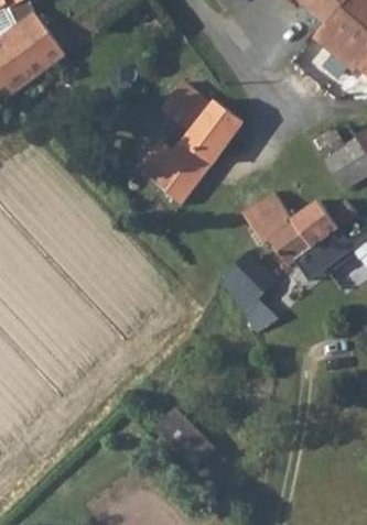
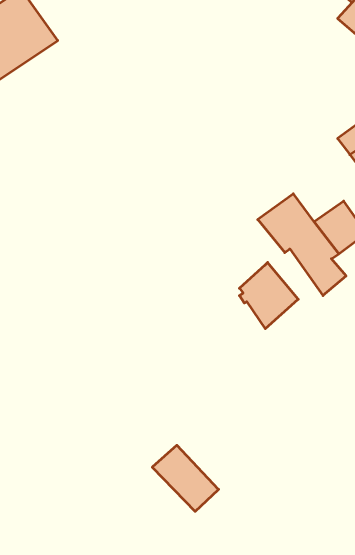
building: [140,85,240,207] -> none

